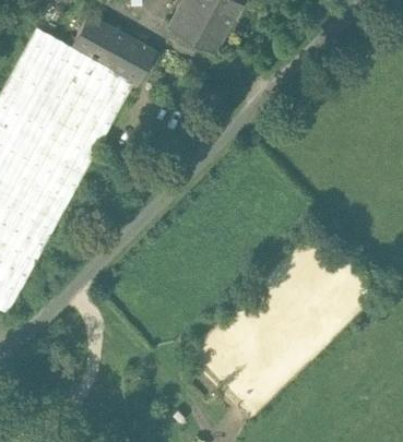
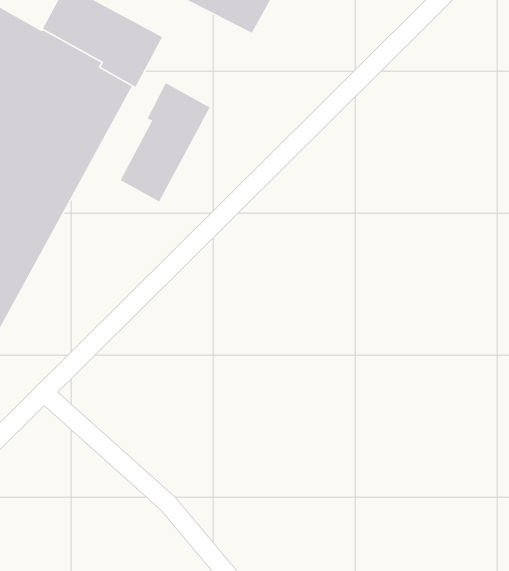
building: none -> [120,82,211,202]

